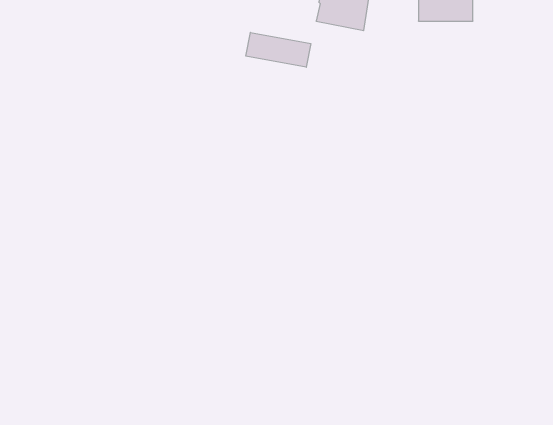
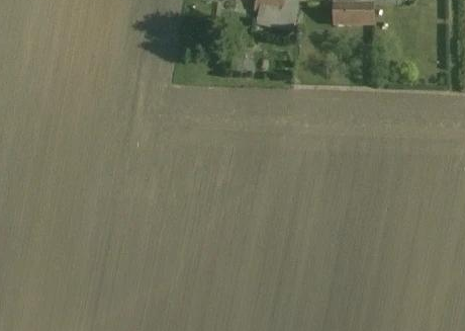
building: [246,32,311,67] -> none

